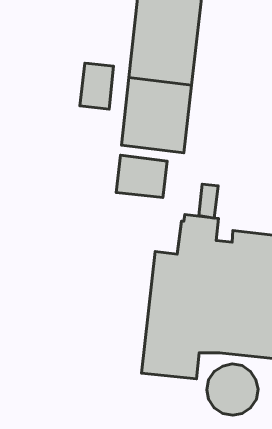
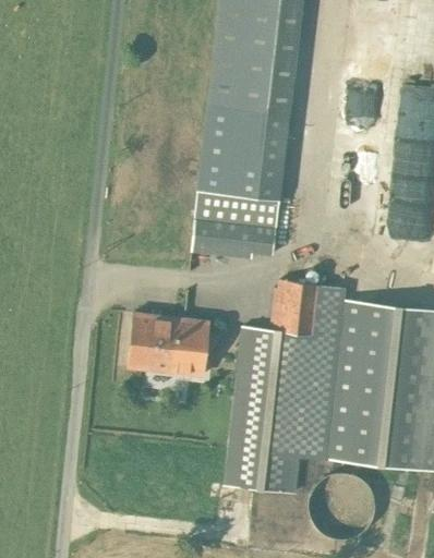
building: [80,63,113,109] -> none
building: [199,184,218,218] -> [253,210,278,254]
building: none -> [128,313,209,374]

